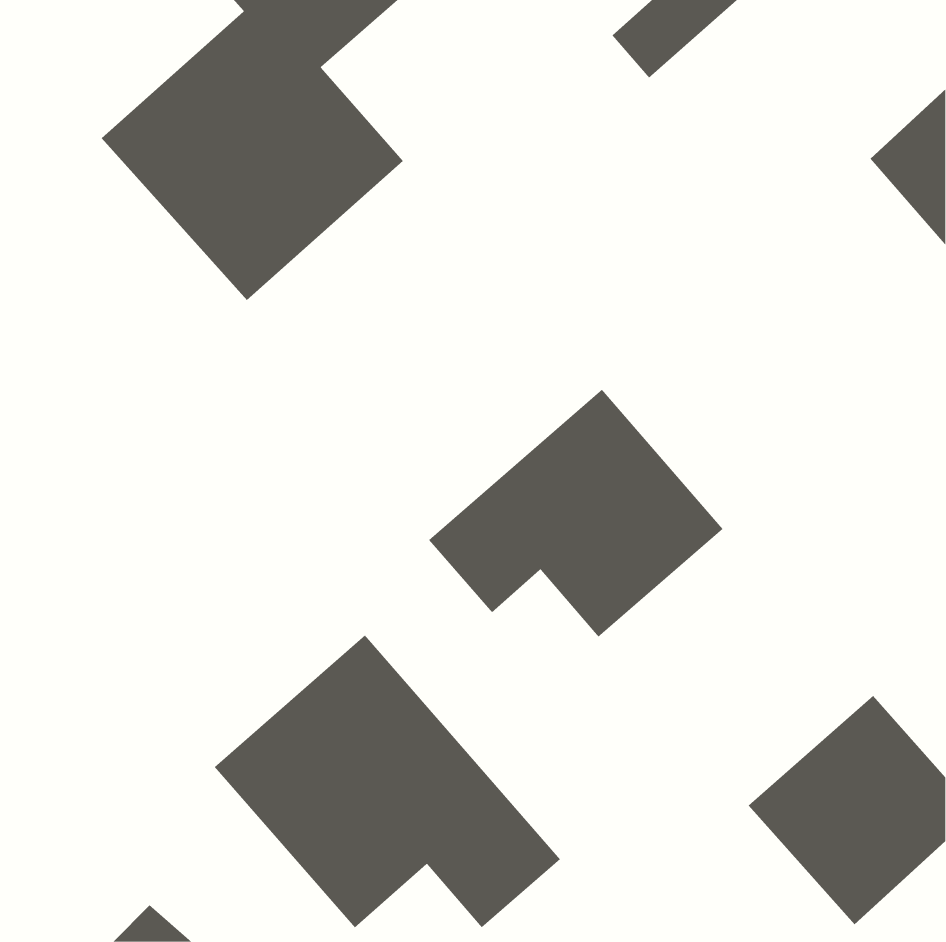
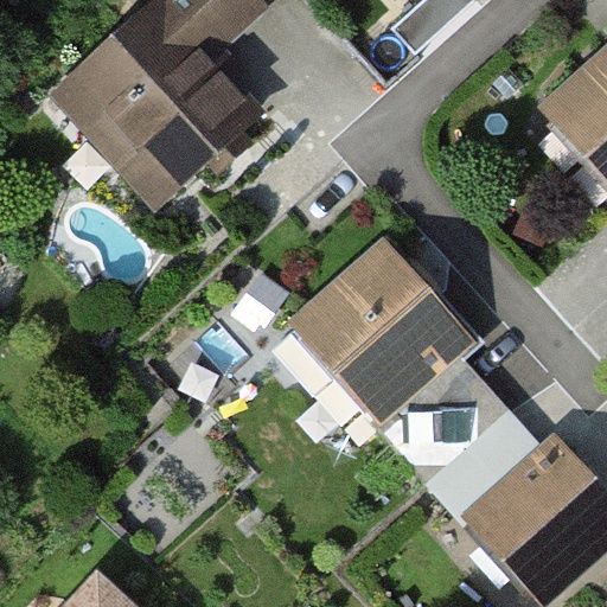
building: none -> [377,360,520,504]
building: [214,635,561,928] -> none

